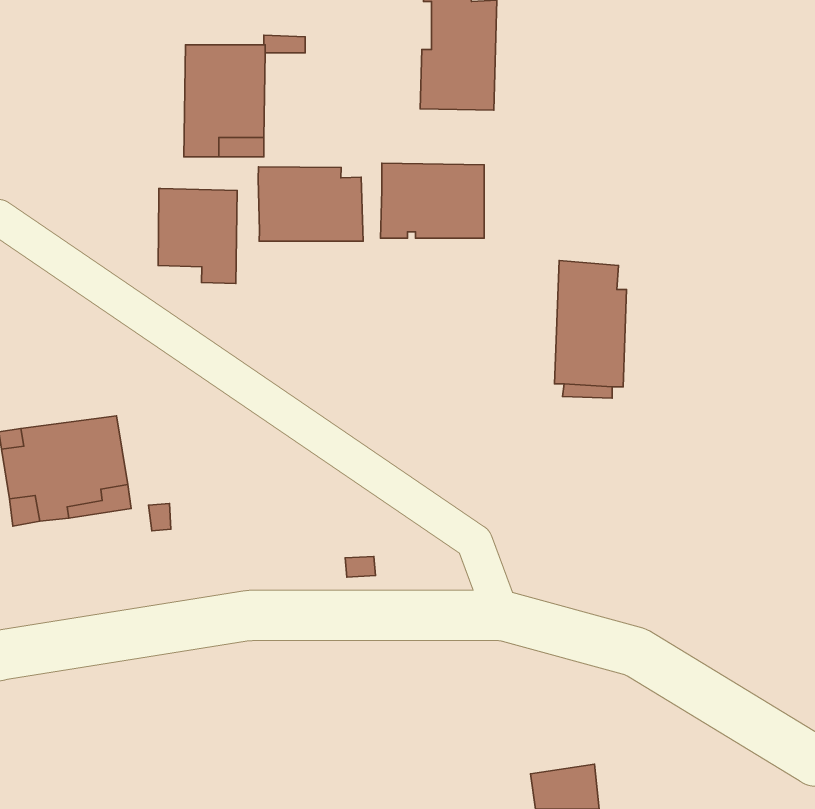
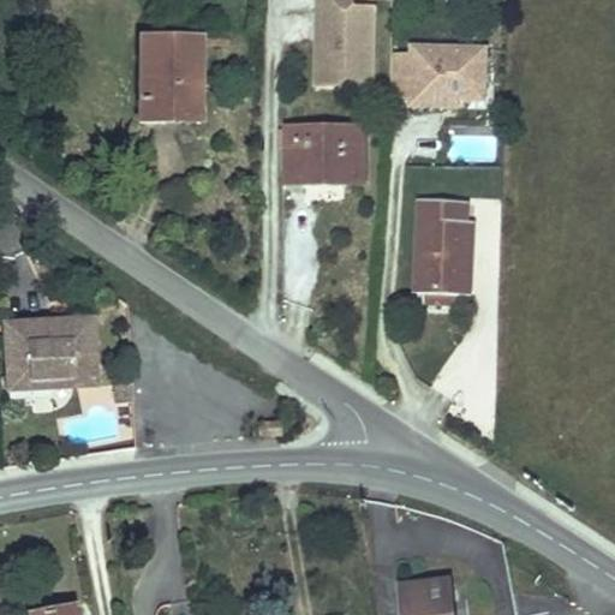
building: none -> [393,47,486,102]
building: [258,167,363,241] -> none
building: [158,188,237,284] -> none

